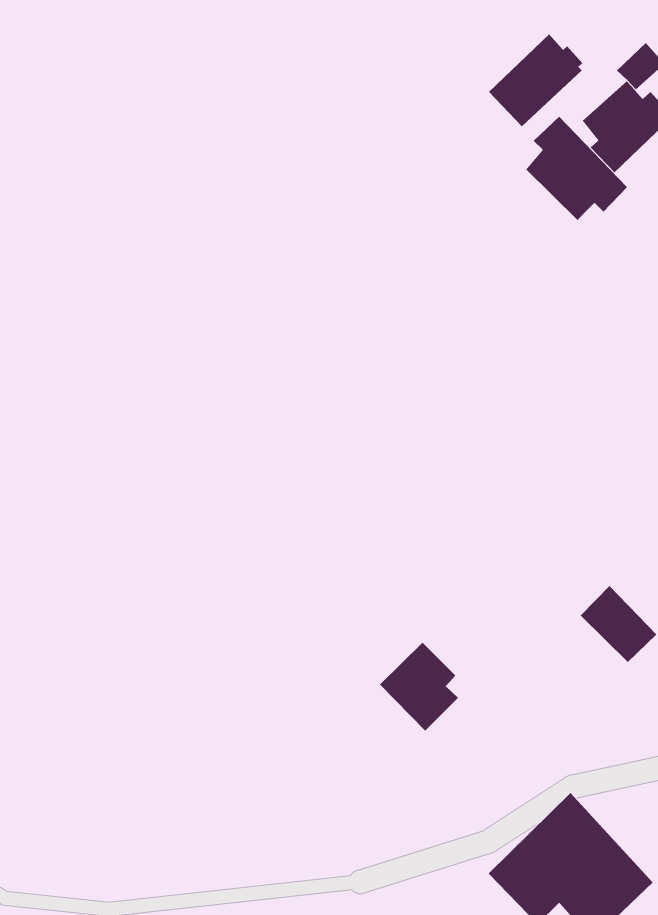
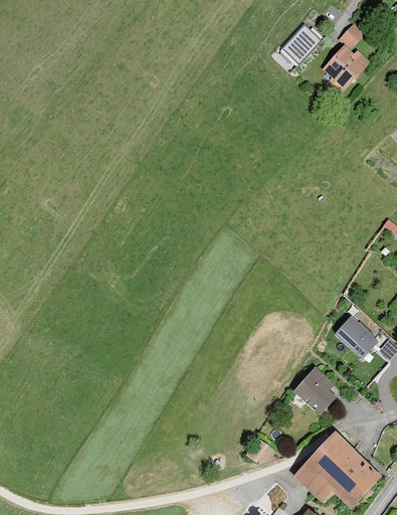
building: [525,116,628,221] -> none
building: [379,642,459,732] -> [293,366,337,414]

